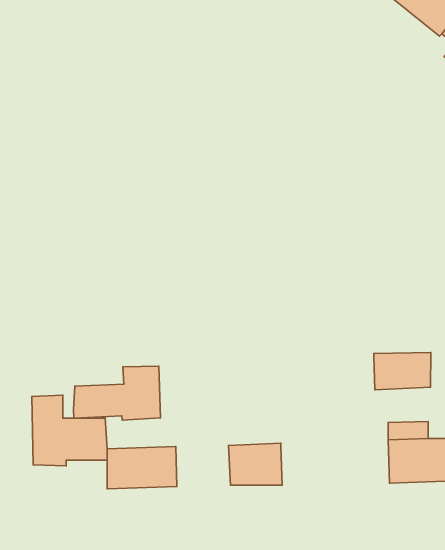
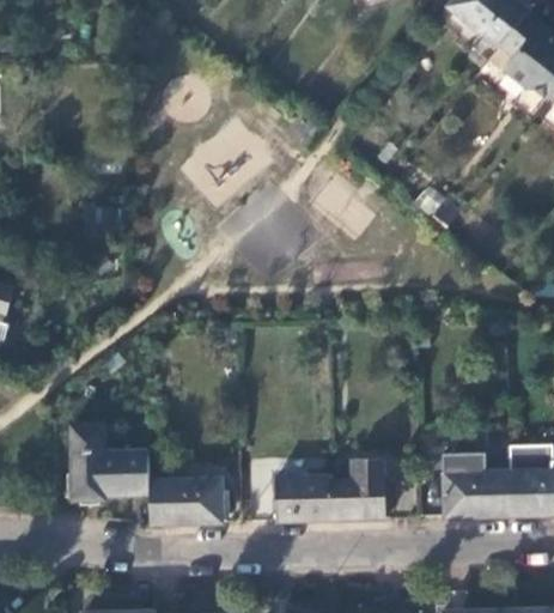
building: [374,353,431,390] -> none
building: [73,366,161,420] -> none
building: none -> [330,459,383,521]

